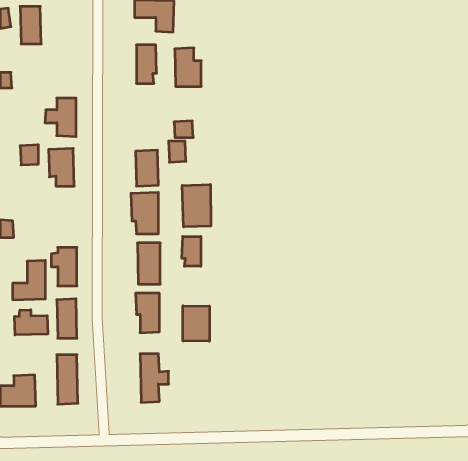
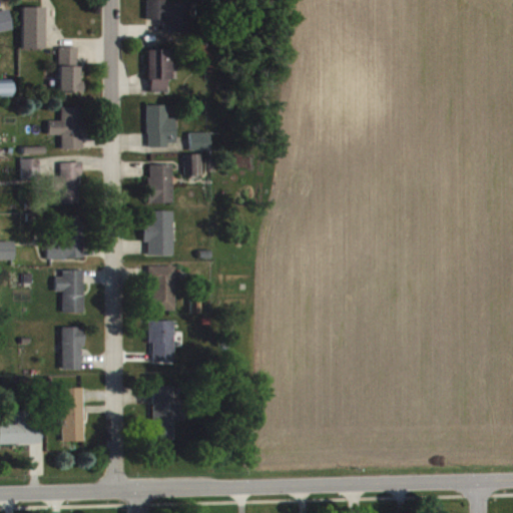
building: none -> [59,47,79,92]
building: [175,48,201,86] -> [147,104,176,146]
building: [182,184,211,227] -> none
building: [182,236,201,266] -> none
building: [13,260,45,300] -> [48,215,84,259]
building: [183,306,209,341] -> none
building: [15,310,48,335] -> none

